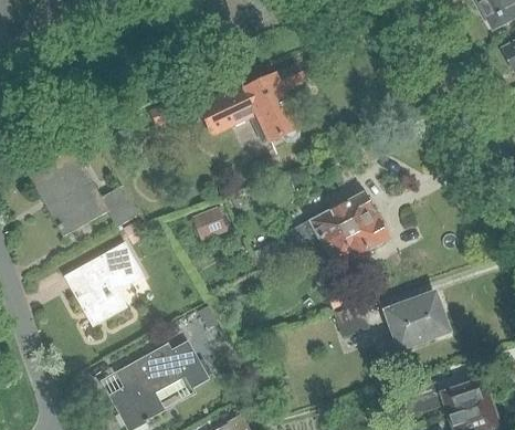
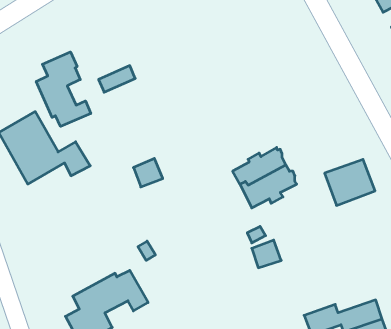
building: [196,65,302,141] -> none
building: none -> [36,52,91,126]
building: [75,242,144,326] -> none
building: [383,293,444,348] -> [325,159,375,205]

